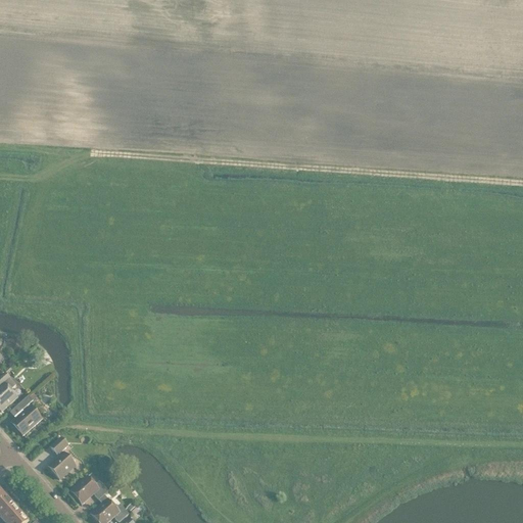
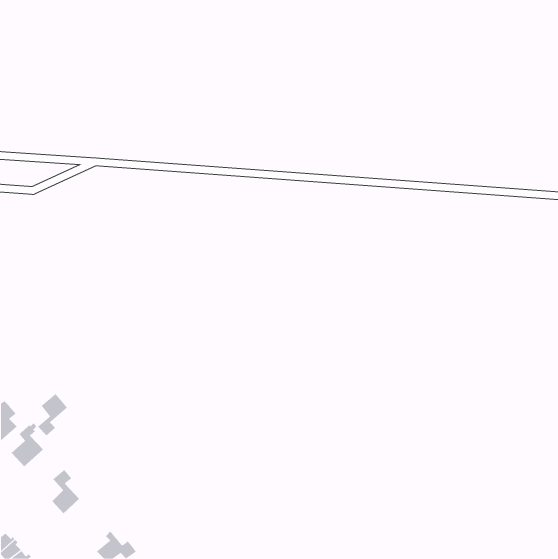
building: none -> [37,393,68,436]
building: [70,477,108,505] -> none

